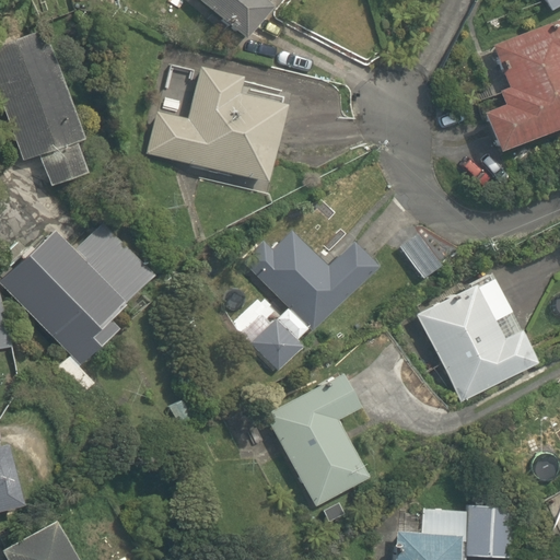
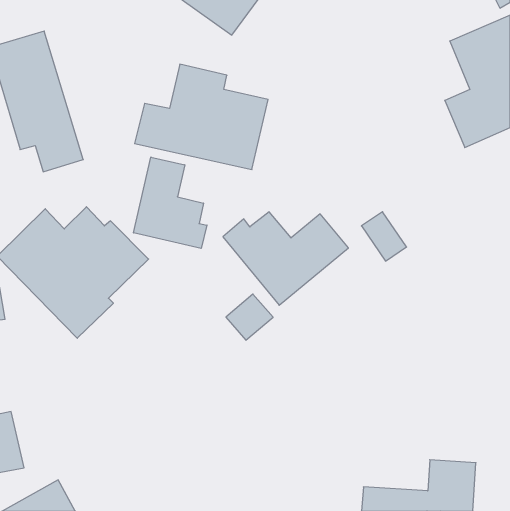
building: none -> [134,157,207,248]
building: [416,268,541,399] -> none
building: [266,375,370,508] -> none

